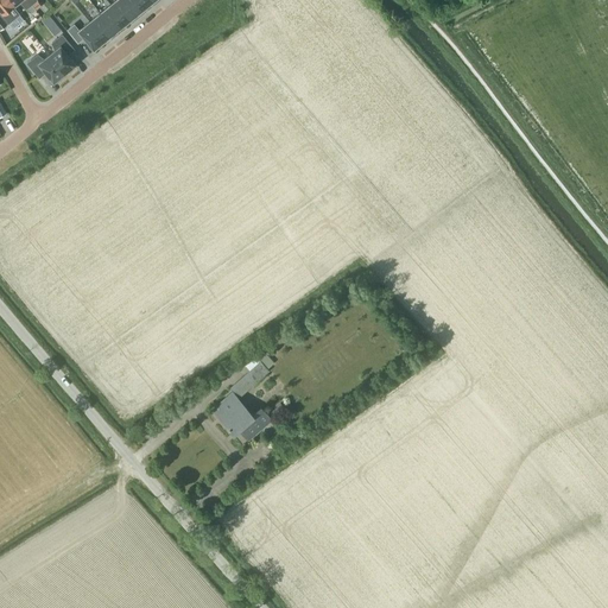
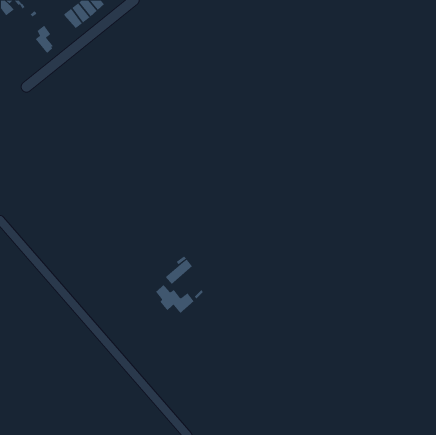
building: [66,21,104,51] -> none
building: [27,56,65,83] -> none

